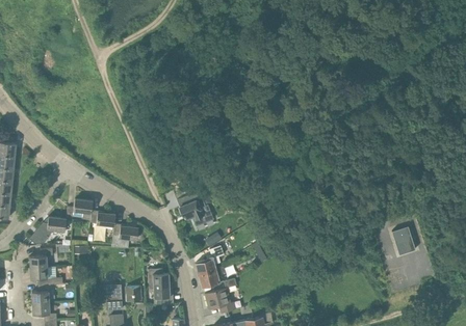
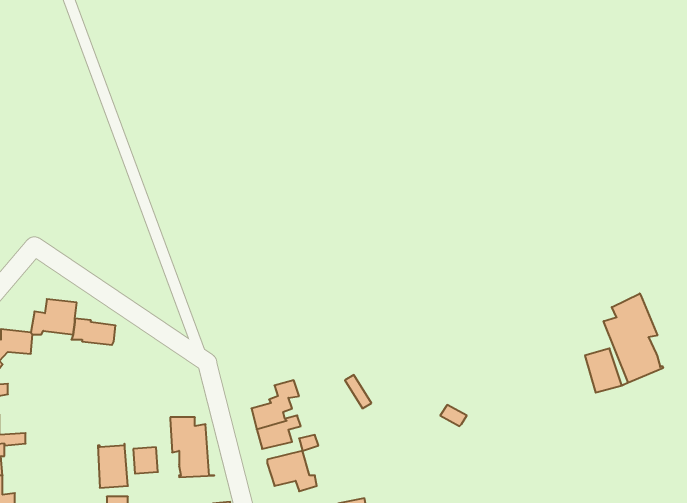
building: [177,190,213,225] -> none
building: none -> [604,293,663,385]
building: [111,223,138,246] -> none

